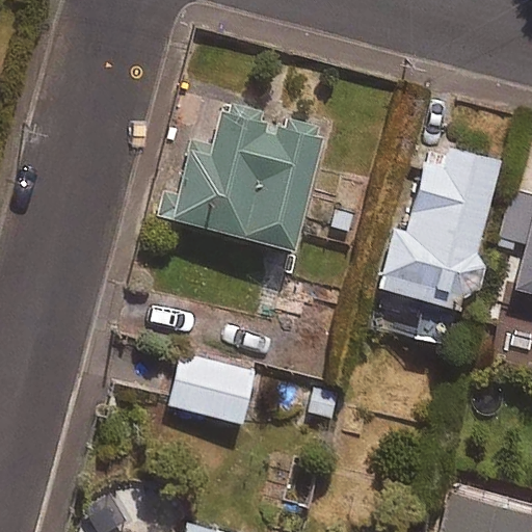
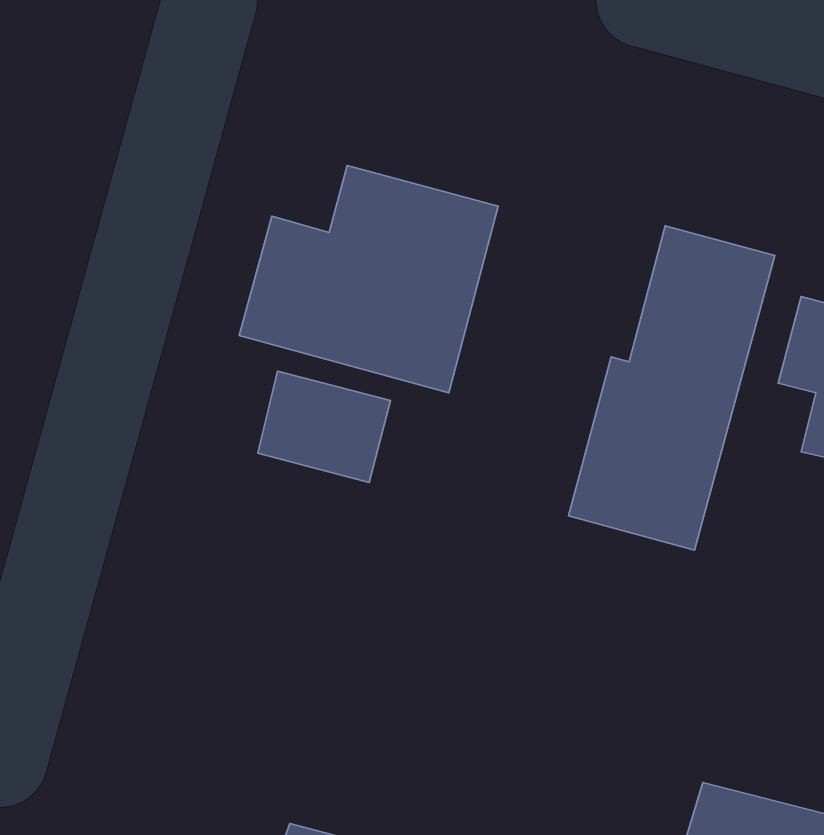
building: [176,353,260,424] -> [258,371,390,483]

